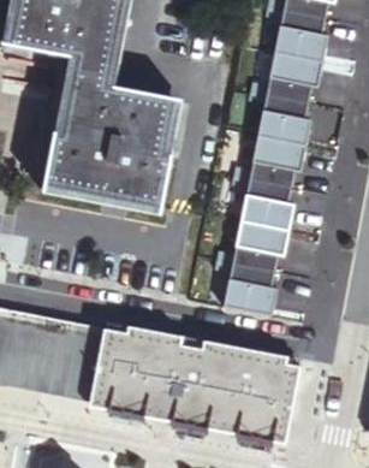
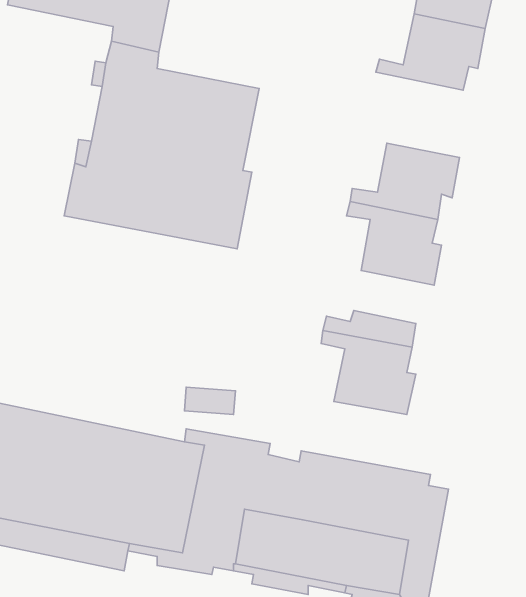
building: [250,89,311,146] -> none
building: [237,220,290,255] -> none

